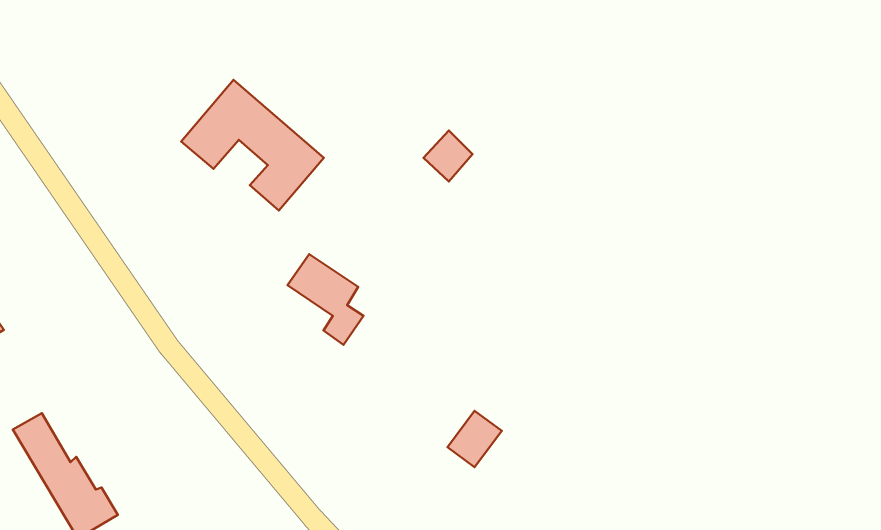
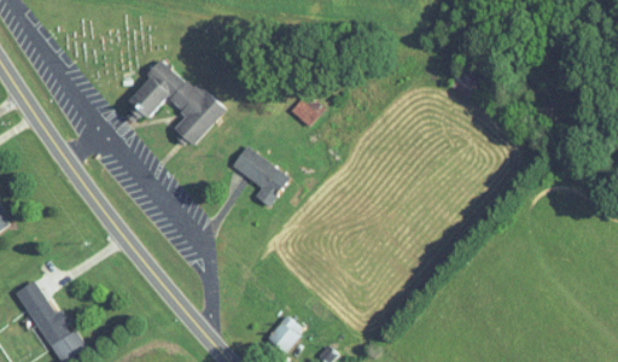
building: [287,254,363,345] -> [231,146,281,206]
building: [447,411,502,467] -> [267,315,303,352]

